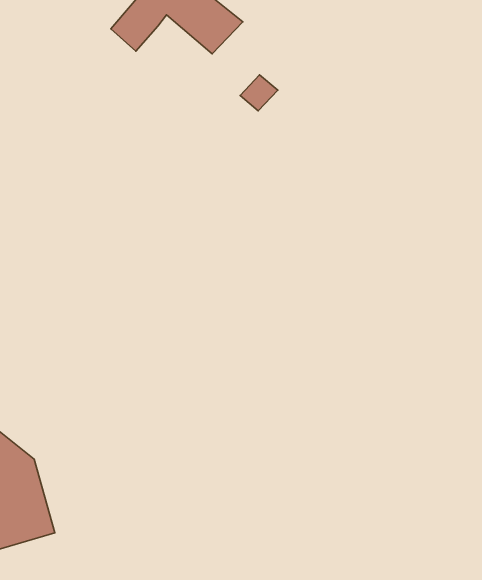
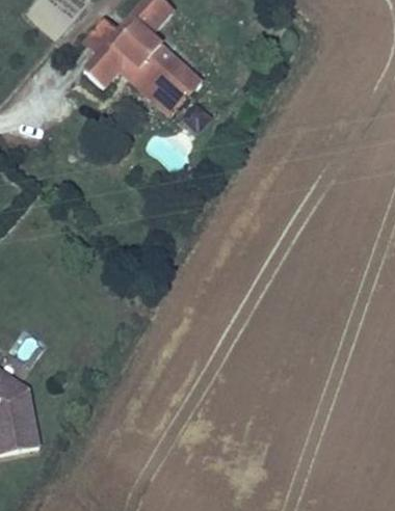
building: none -> [120,57,198,107]

